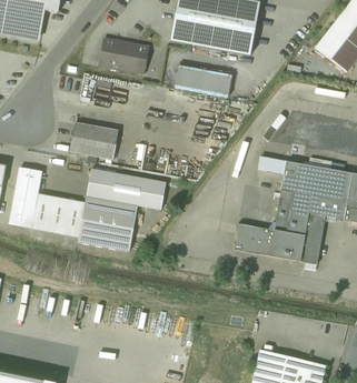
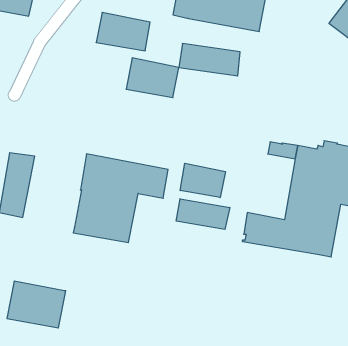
building: [69,122,118,159] -> [126,58,179,98]
building: none -> [180,163,225,198]
building: [31,193,86,236] -> [7,281,66,328]
building: none -> [176,199,230,229]

